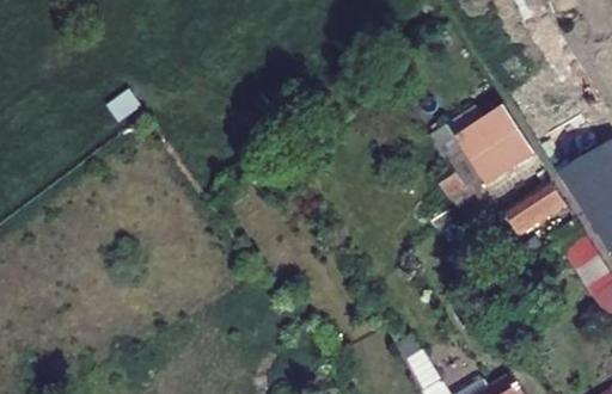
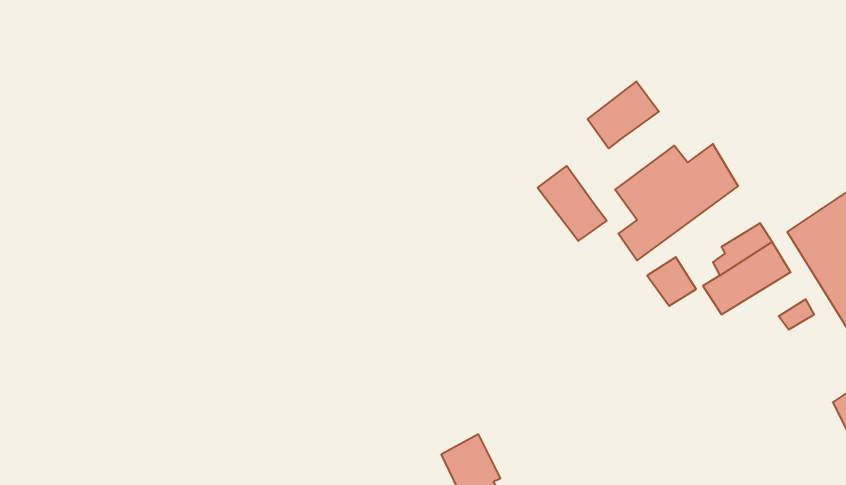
building: none -> [588,81,659,148]
building: none -> [538,166,607,241]

